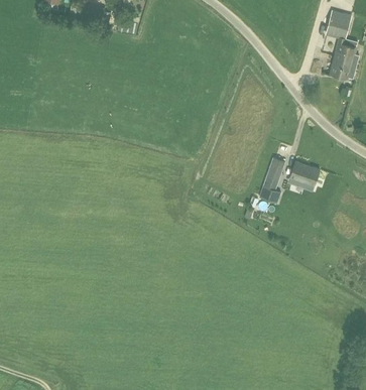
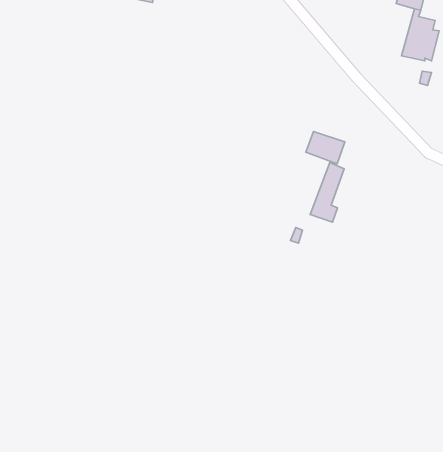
building: [289,160,320,185] -> [306,131,345,164]

